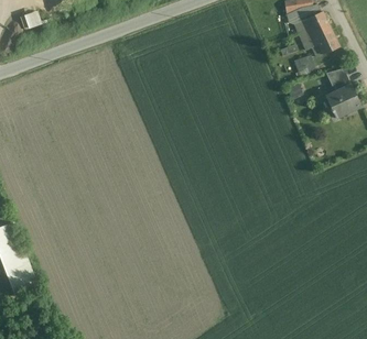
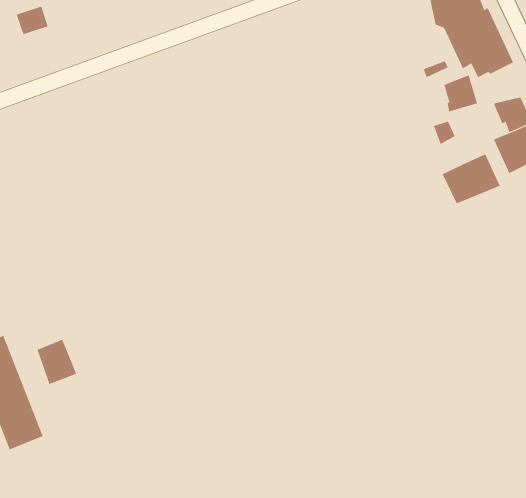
building: none -> [442,153,500,204]
building: none -> [37,339,77,385]

